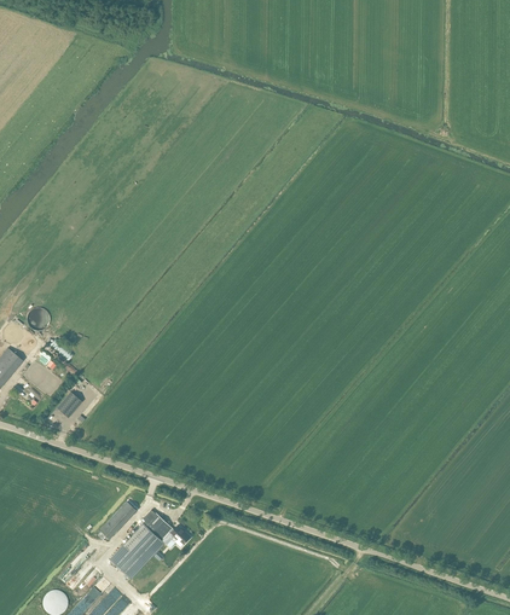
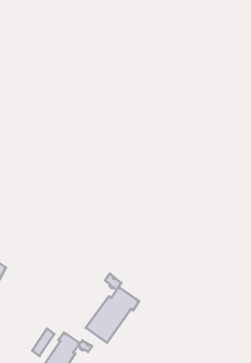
building: none -> [86,274,139,343]

